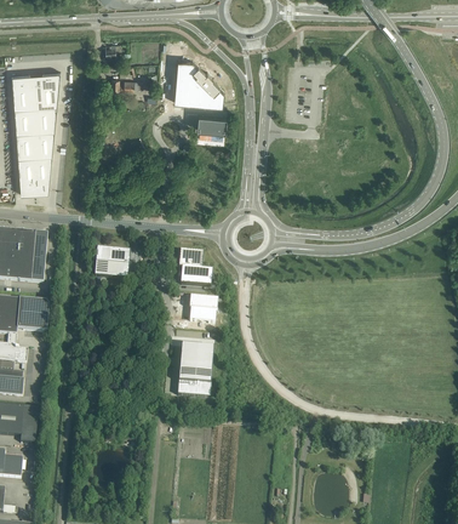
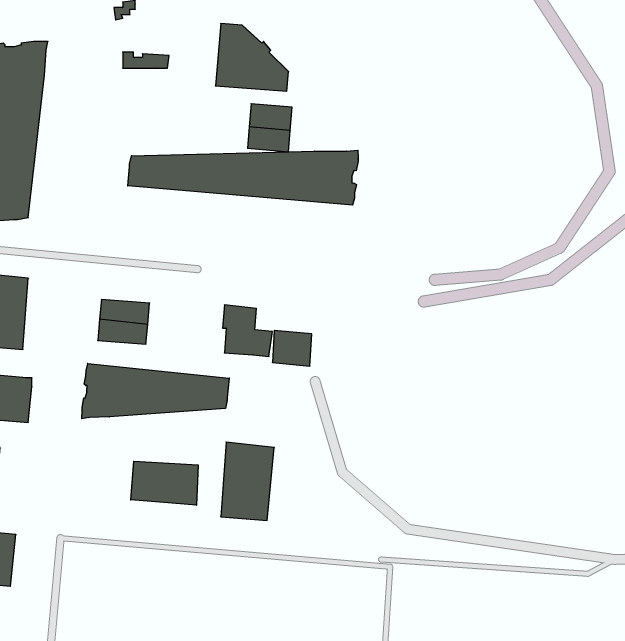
building: none -> [128,150,358,205]
building: none -> [82,363,229,419]
building: [188,297,214,321] -> [272,330,312,366]
building: none -> [131,461,198,505]

